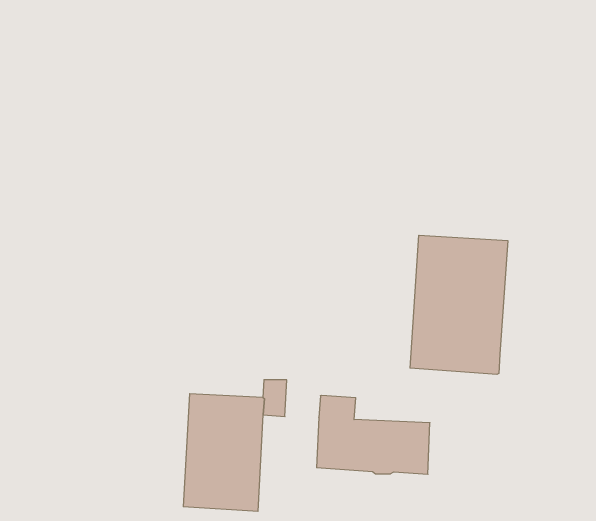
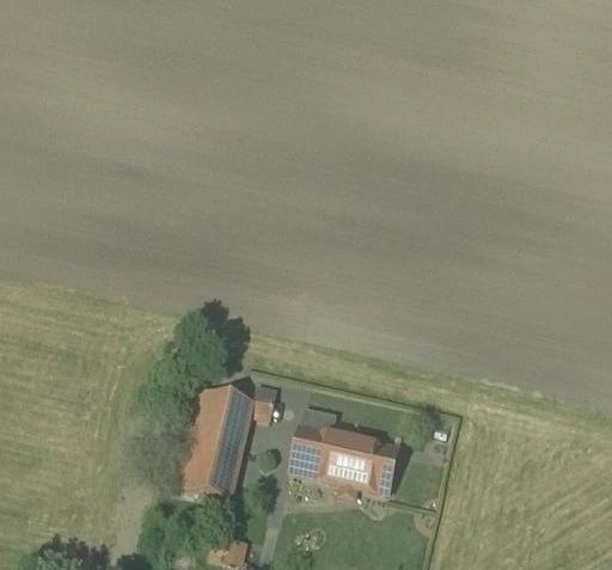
building: [410,235,508,374] -> none

